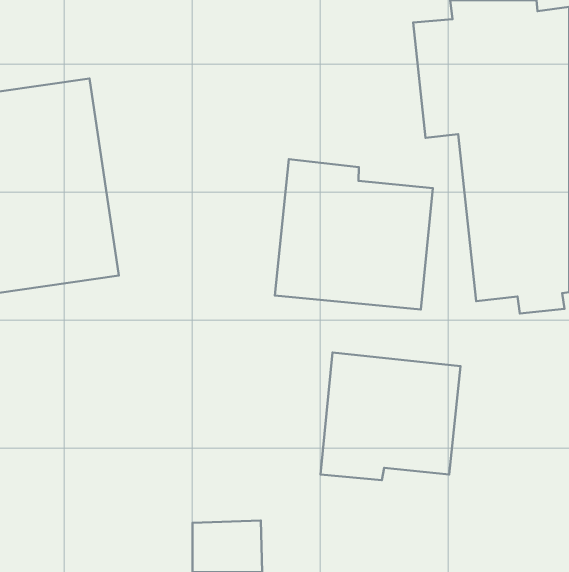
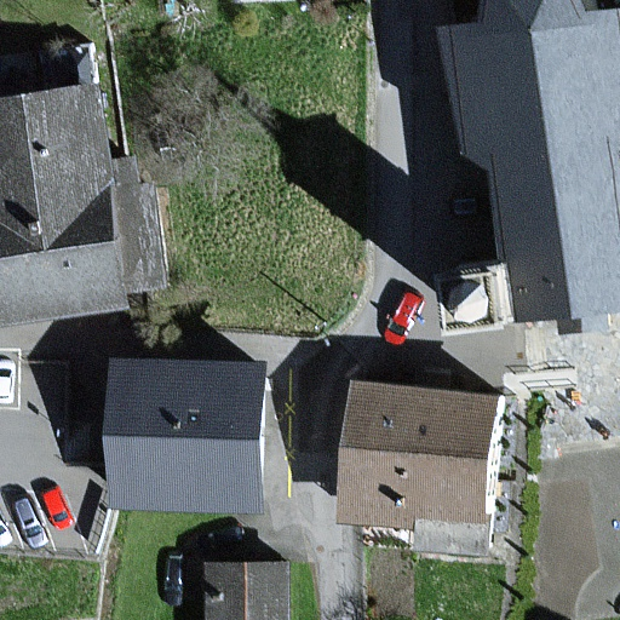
building: [275,159,433,310] -> none
building: none -> [117,360,266,504]

